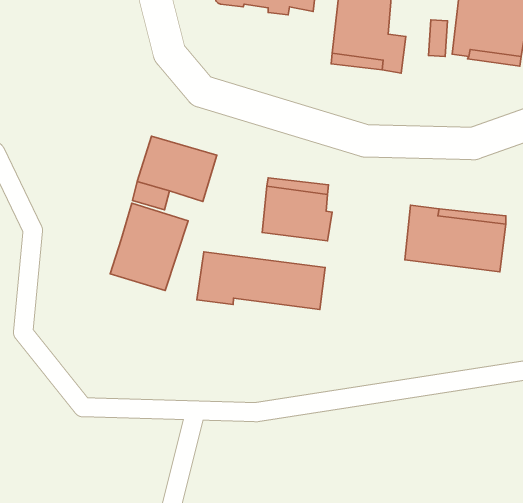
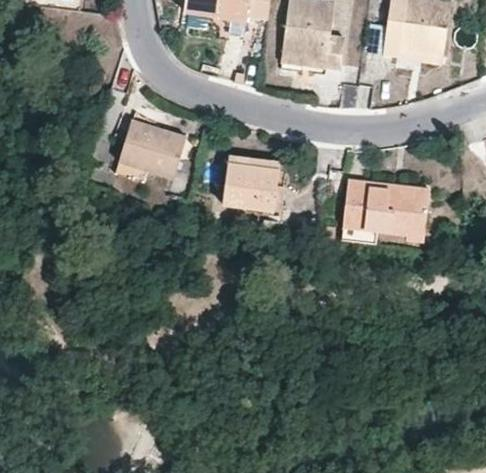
building: [110,203,188,291] -> none
building: [197,252,325,309] -> none

